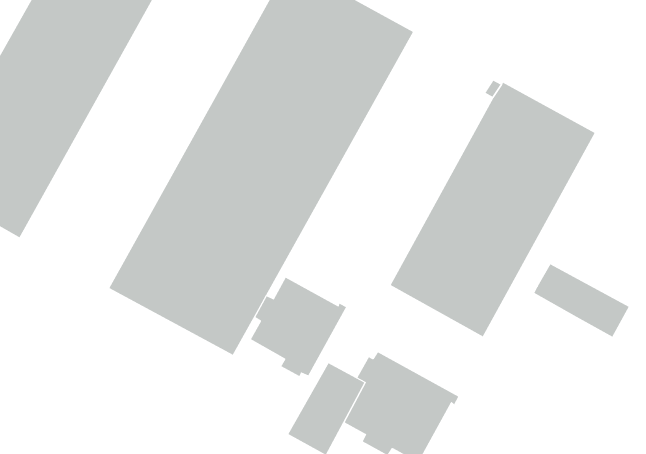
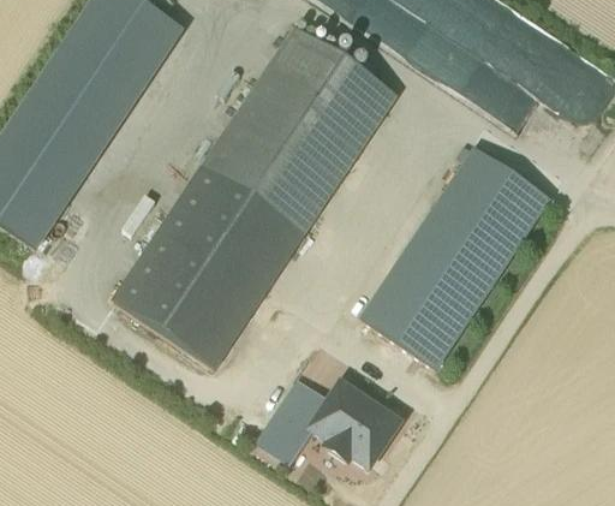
building: [533,263,630,338] -> none
building: [250,277,347,377] -> none

